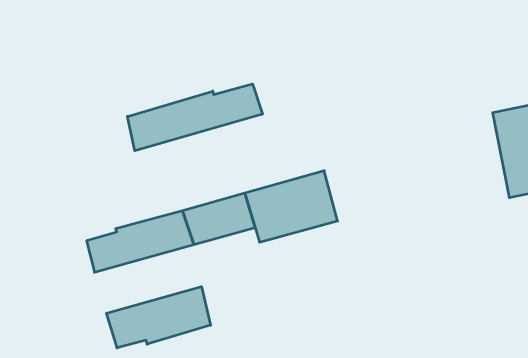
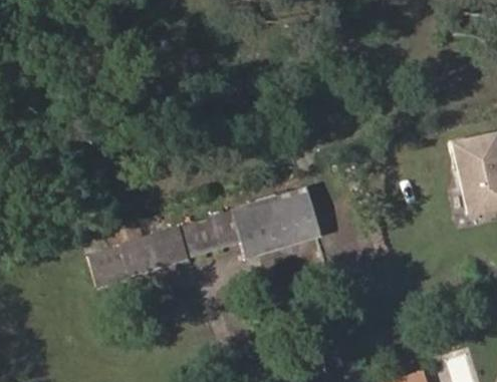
building: [127,84,262,151] -> none
building: [106,287,211,348] -> none

